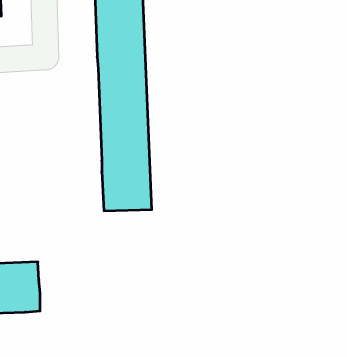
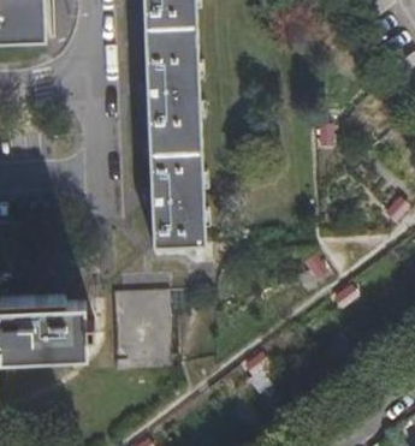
building: none -> [113,291,171,371]

